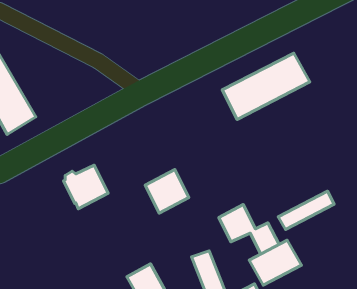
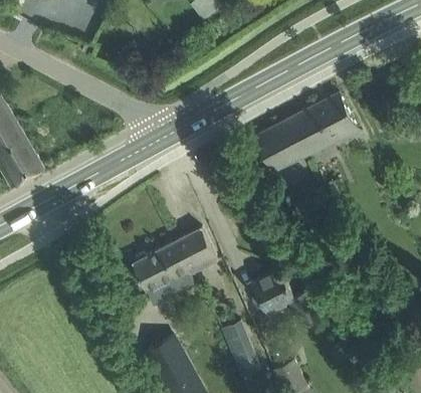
building: [63,165,108,209] -> [133,246,184,297]
building: [278,191,334,229] -> none
building: [249,240,301,285] -> none

